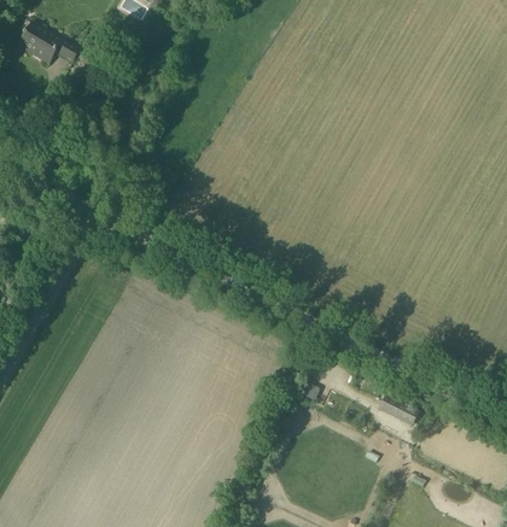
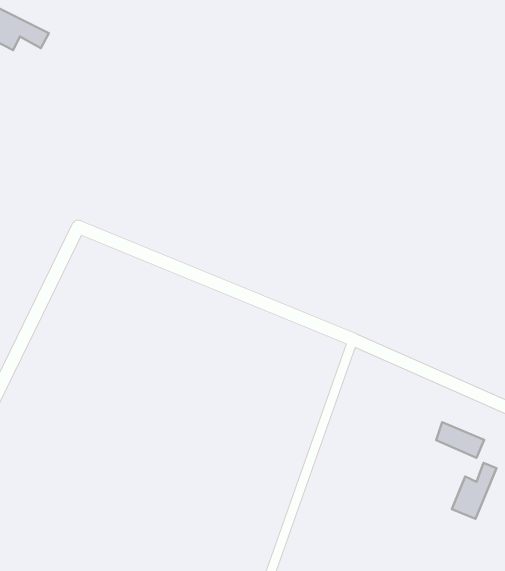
building: none -> [452,463,497,519]

